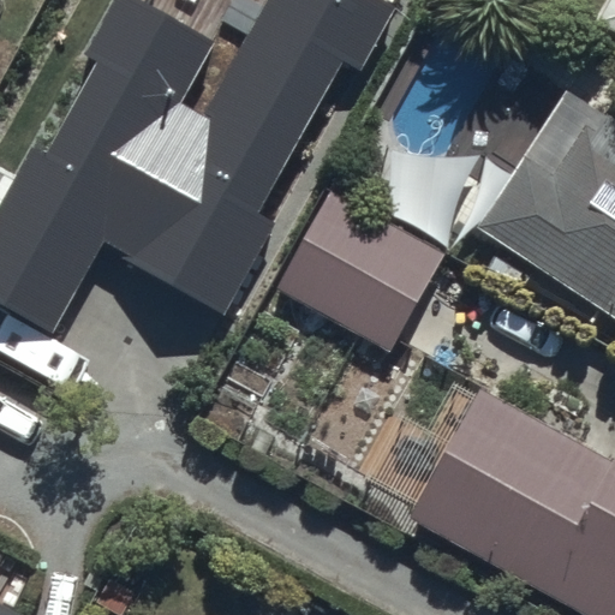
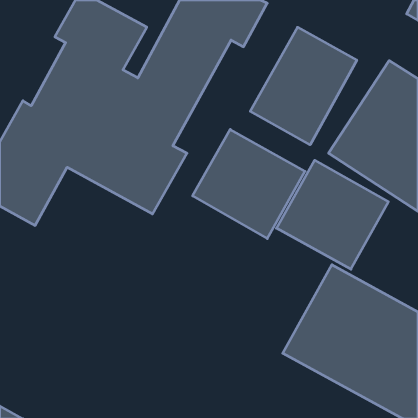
building: none -> [250,27,357,145]
building: none -> [276,160,388,269]

